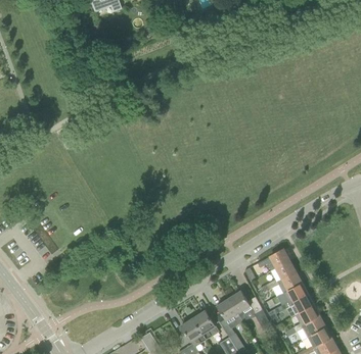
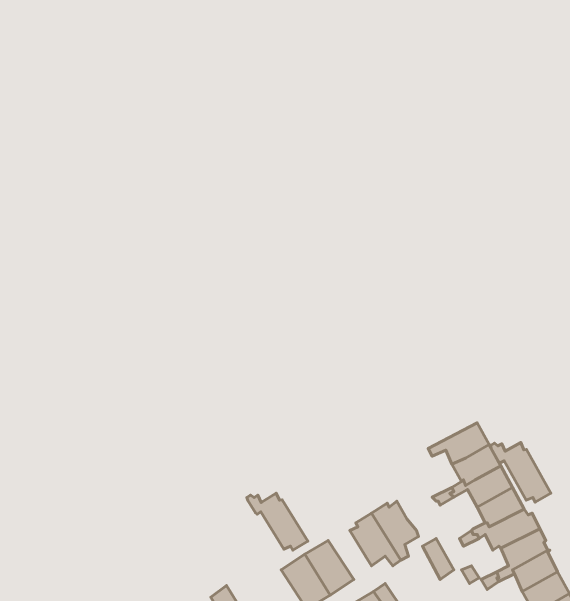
building: none -> [491,442,551,502]
building: none -> [247,493,308,550]

